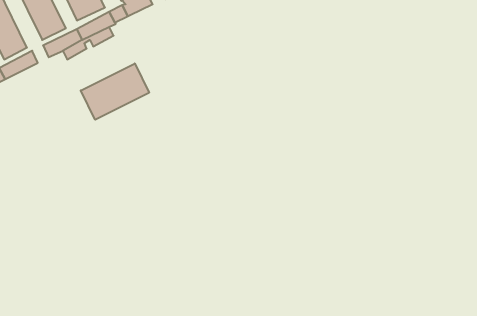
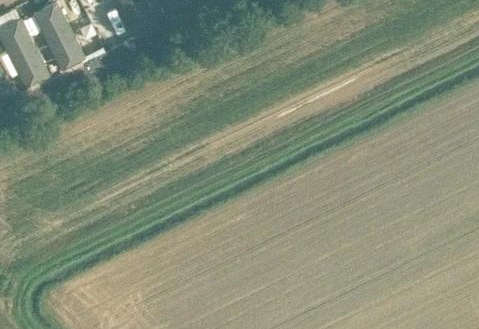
building: [81,63,149,120] -> none

